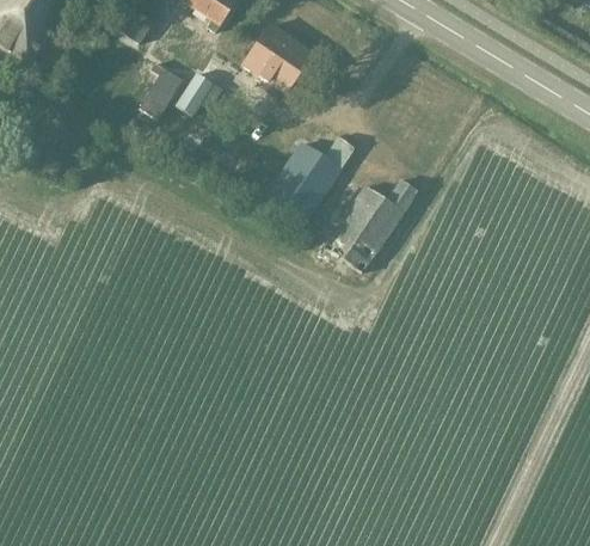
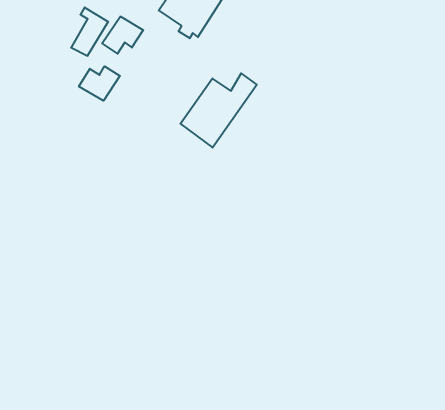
building: none -> [79,66,120,101]
building: [327,178,416,266] -> none

